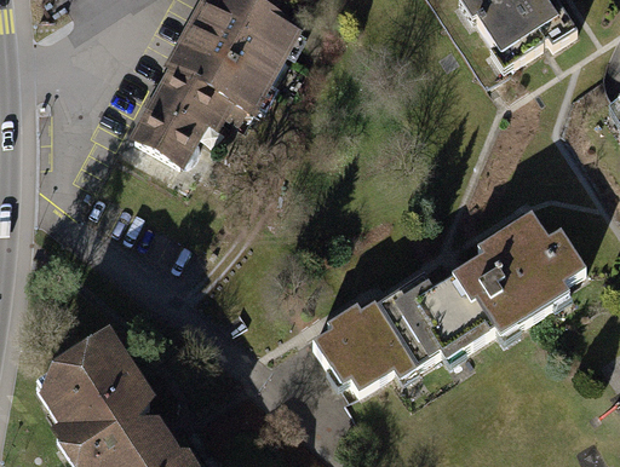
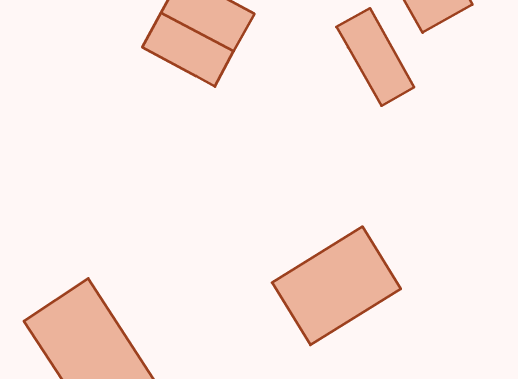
building: none -> [336,8,414,106]
building: [132,64,234,169] -> none
building: [427,208,578,346] -> none

